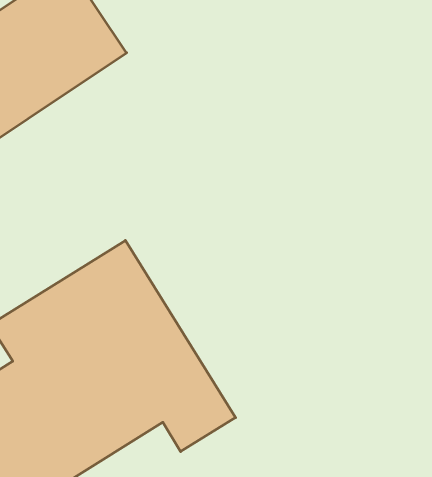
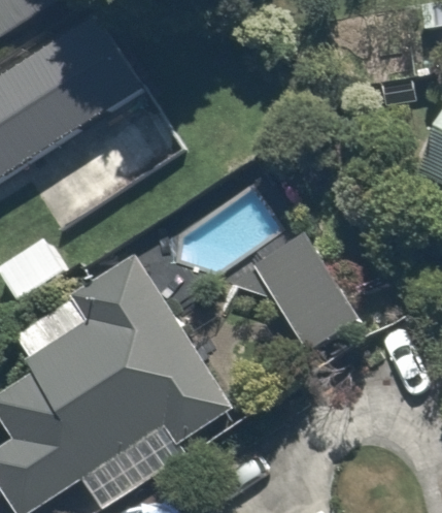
building: none -> [253,228,370,360]

